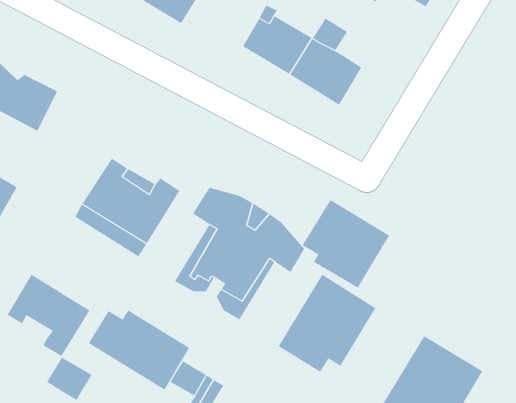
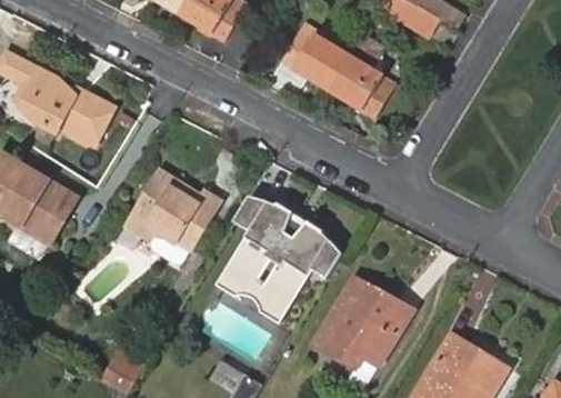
building: [302,199,390,289] -> none
building: [7,274,90,357] -> none
building: [88,310,190,391] -> none

